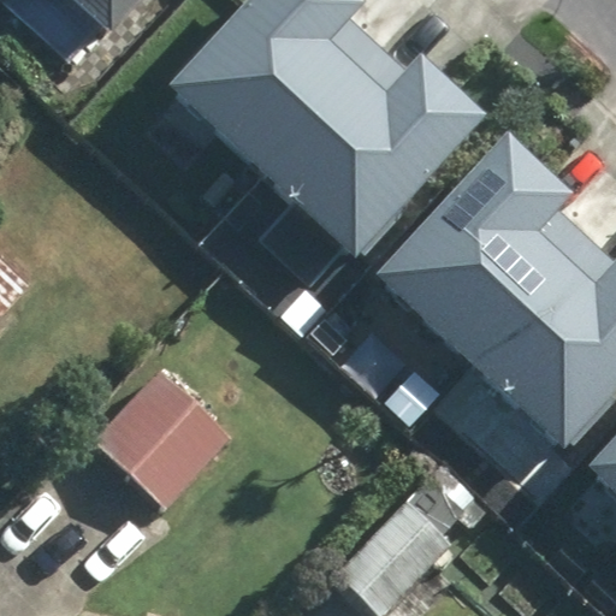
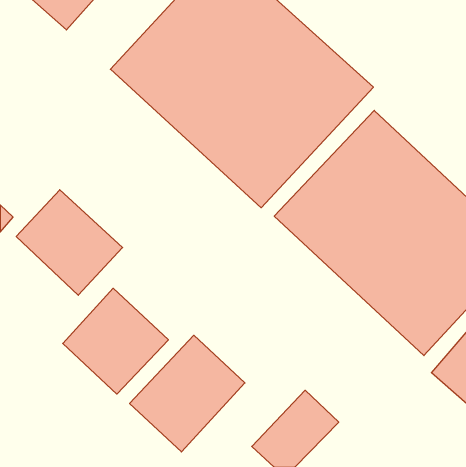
building: none -> [16,190,123,295]
building: none -> [130,335,245,452]

